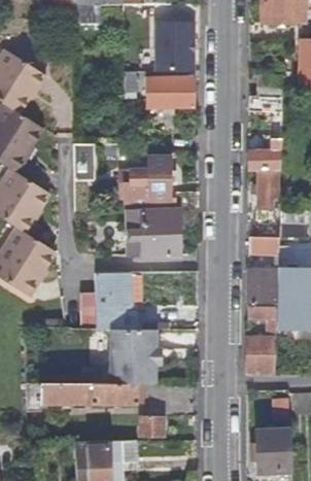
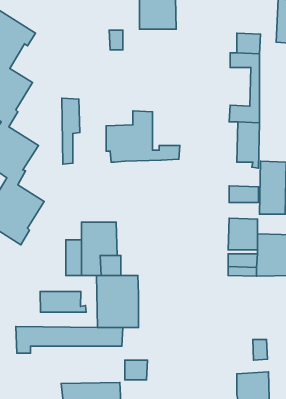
building: [146,76,194,113] -> none
building: [129,209,179,256] -> none
building: [248,335,278,374] -> none
building: none -> [40,291,86,312]

